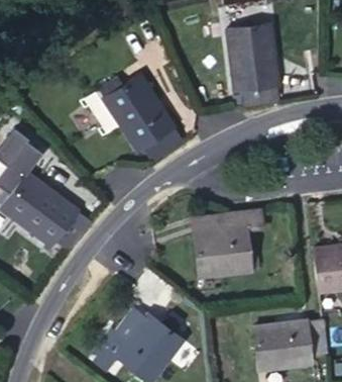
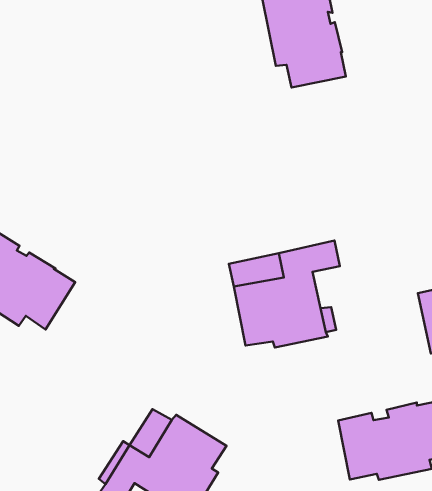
building: [81,74,183,160] -> none

